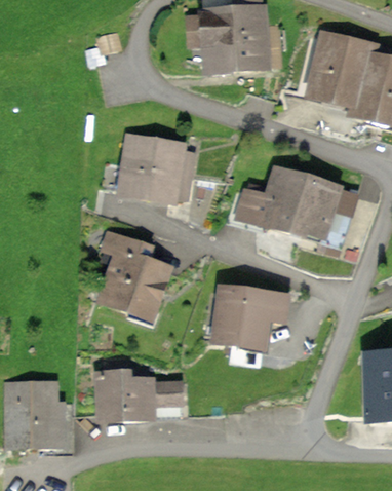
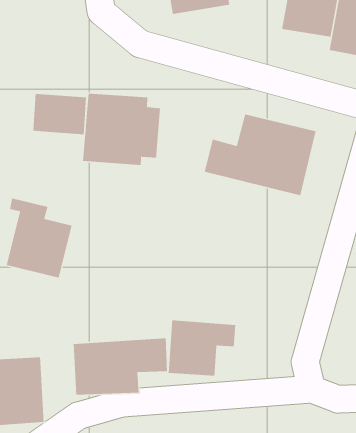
building: none -> [32,93,87,135]
building: [104,230,170,311] -> [6,197,72,279]
building: [221,282,289,340] -> [168,320,236,376]

